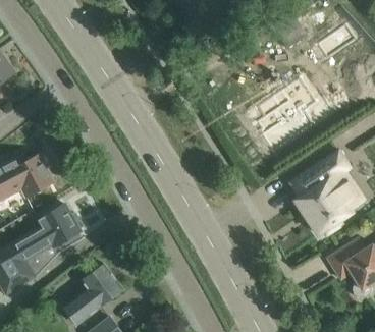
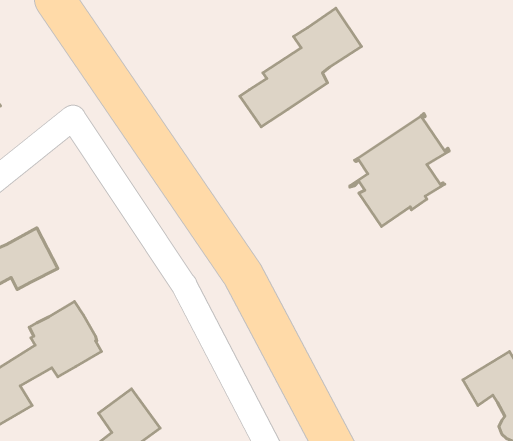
building: none -> [240,8,362,127]
building: [289,151,352,235] -> none

